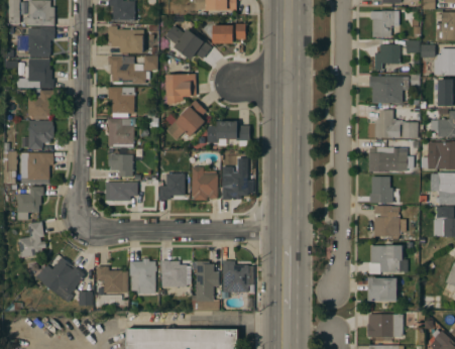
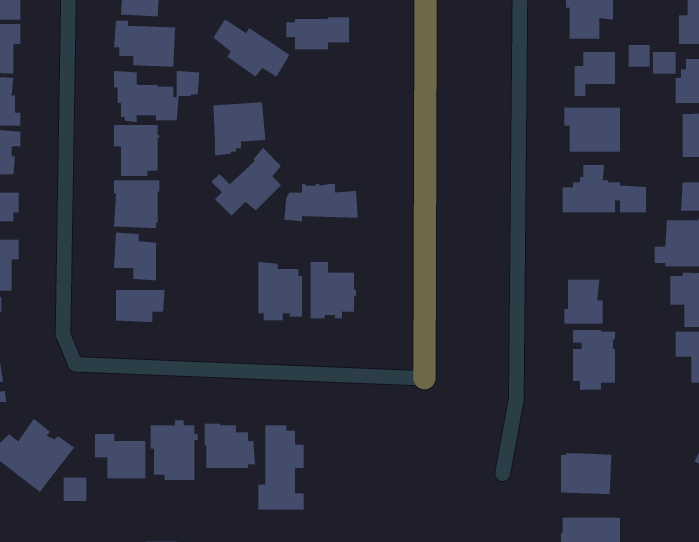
building: [369,148,407,172] -> none
building: [159,173,185,200] -> none
building: [369,245,408,275] -> none
building: [223,261,249,293] -> none

